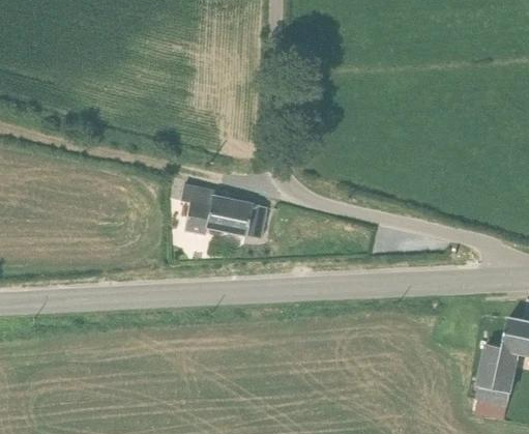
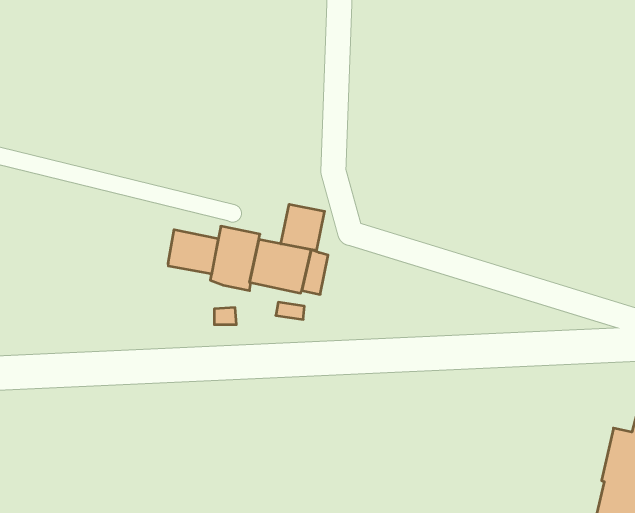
building: none -> [281,204,325,250]
building: none -> [168,230,218,274]

